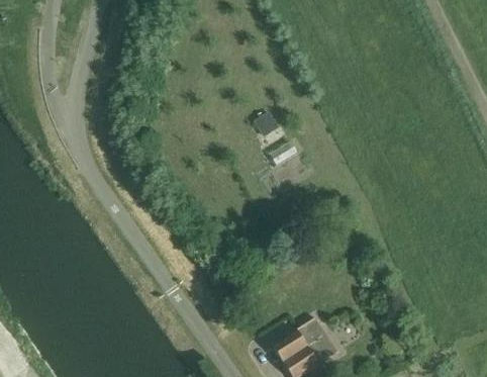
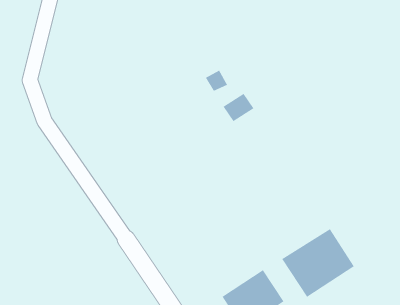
building: none -> [281,228,355,298]

